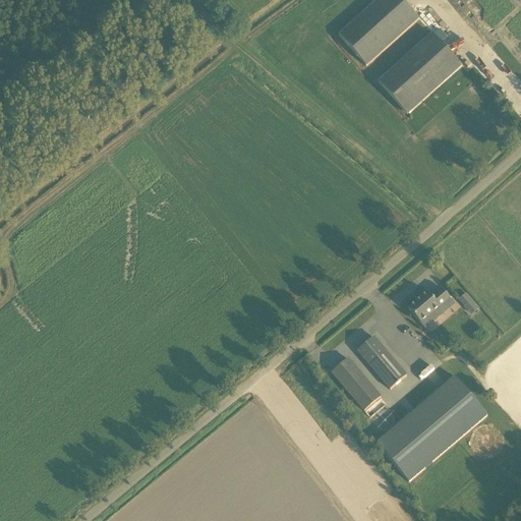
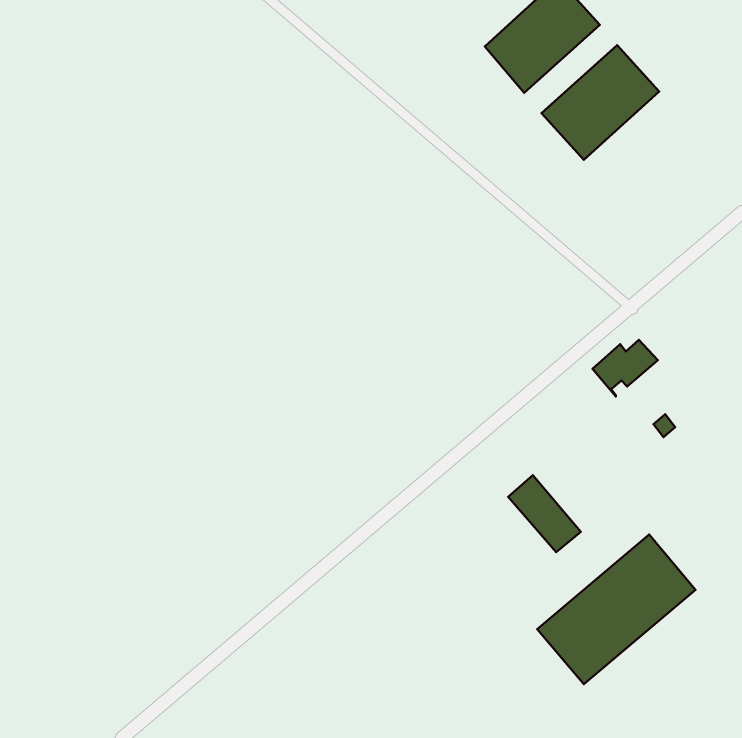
building: [408,286,454,326] -> [592,340,658,397]
building: [330,355,381,409] -> none

